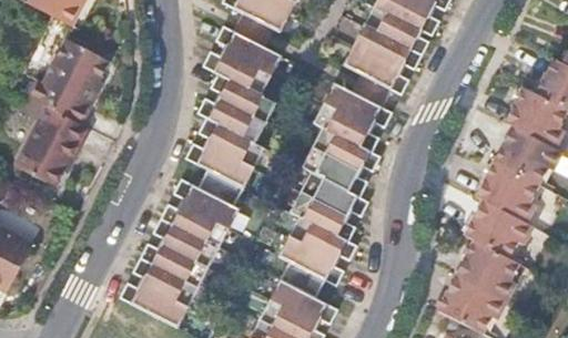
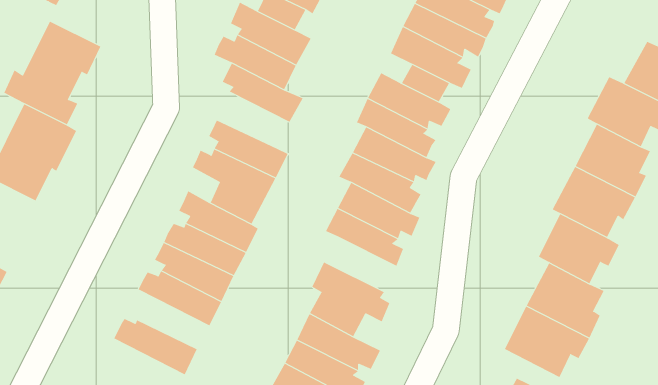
building: [194,96,263,143] -> none
building: [291,215,358,260] -> none
building: [131,258,197,307] -> none

